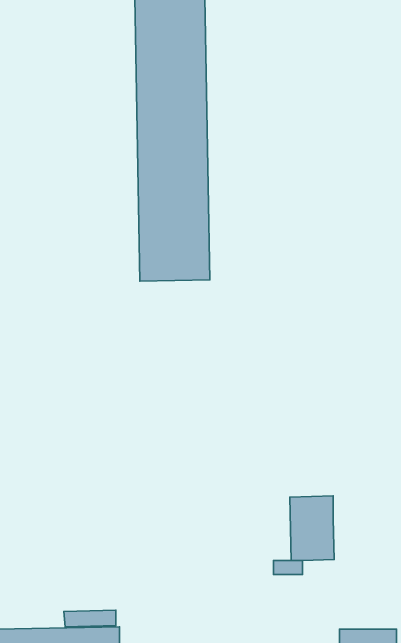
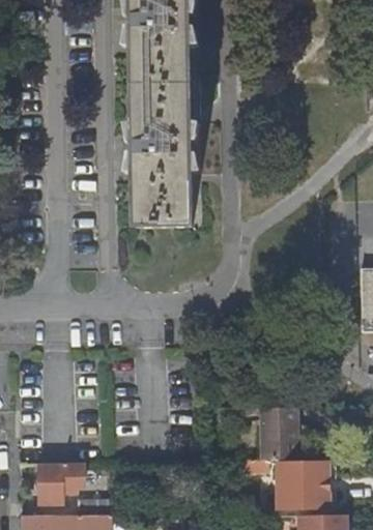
building: none -> [278,463,329,508]
building: none -> [37,464,82,503]

